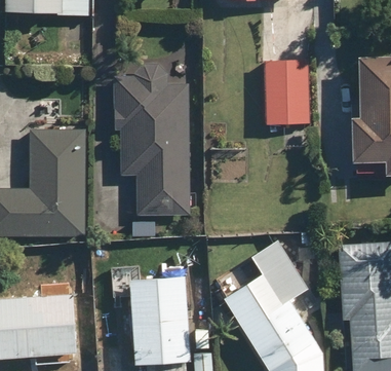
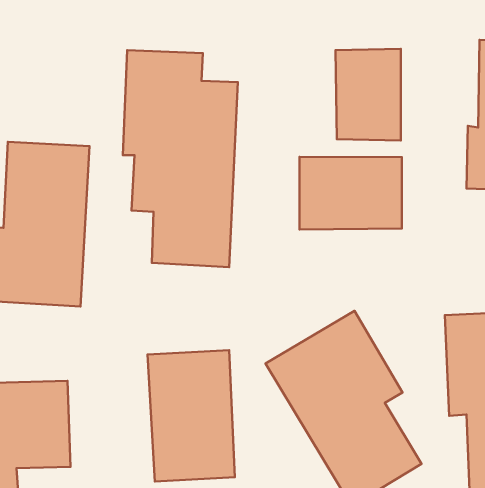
building: none -> [299,157,402,229]

